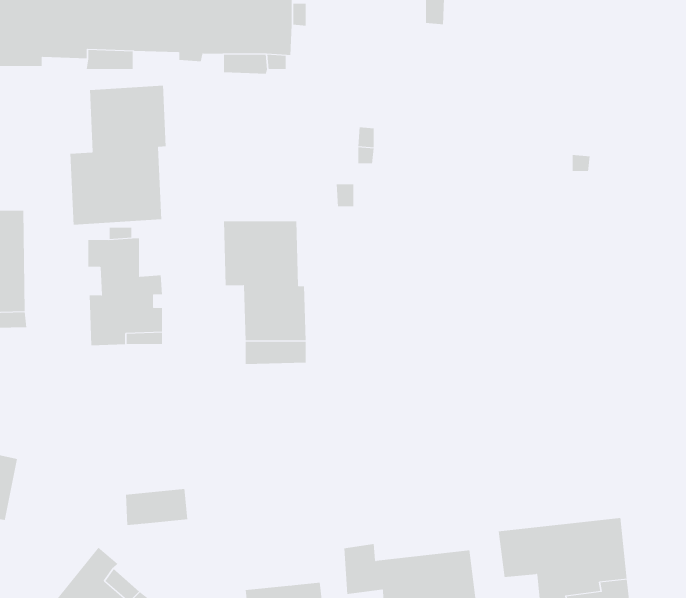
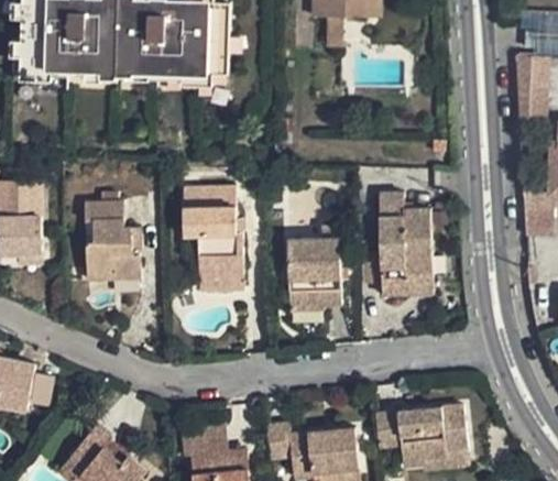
building: [70,85,166,226] -> none
building: none -> [375,197,430,297]
building: none -> [285,226,338,310]
building: [125,488,188,526] -> [186,429,231,456]

